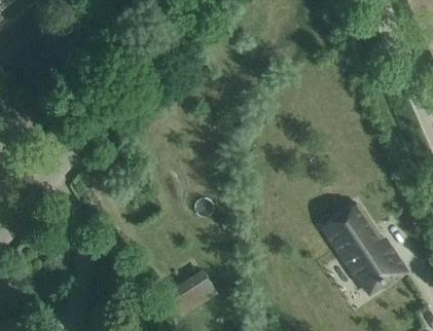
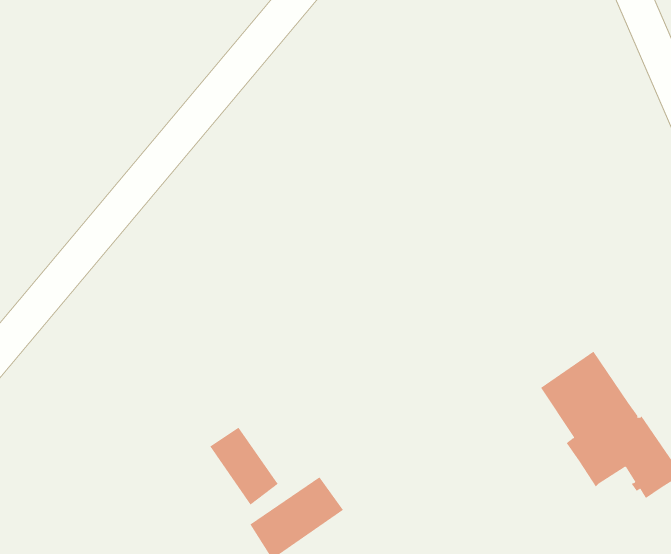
building: none -> [209,427,279,506]

